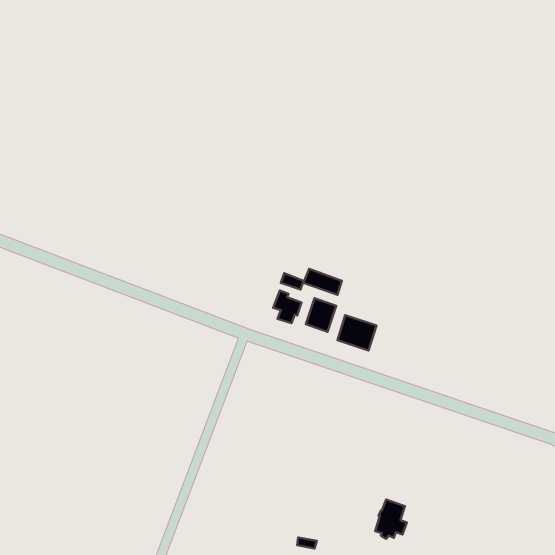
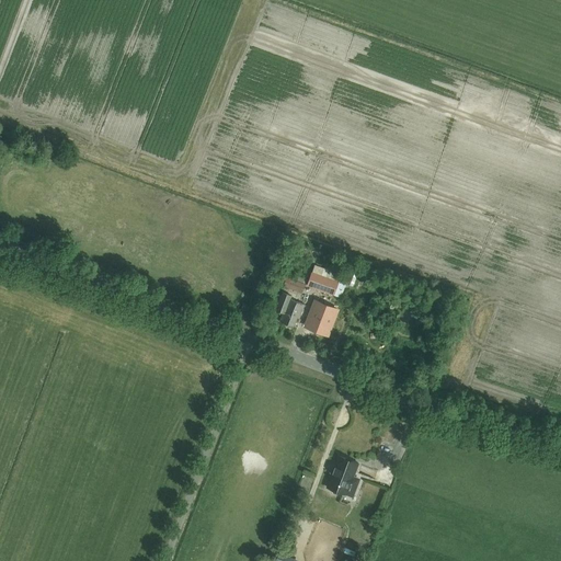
building: [337,315,377,350] -> none
building: [375,500,407,539] -> [327,456,358,495]

